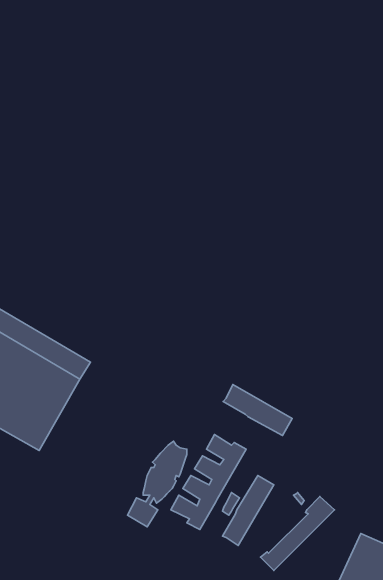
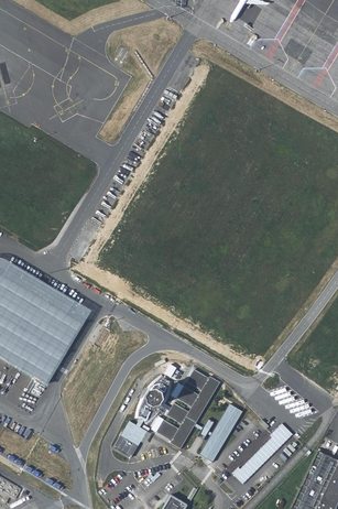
building: [223,385,292,436] -> none

